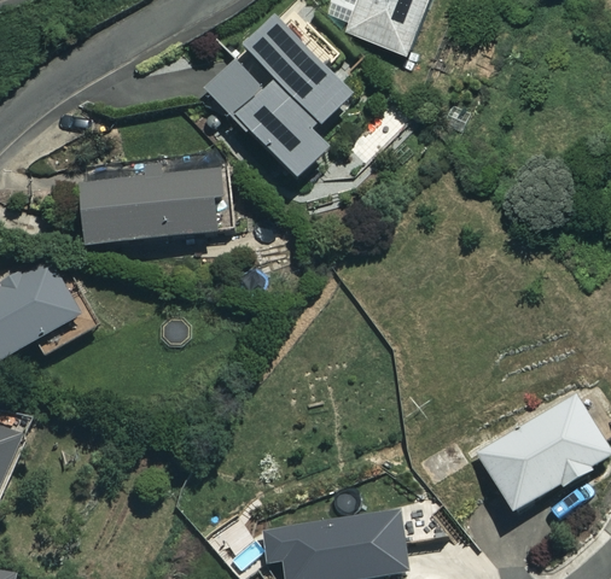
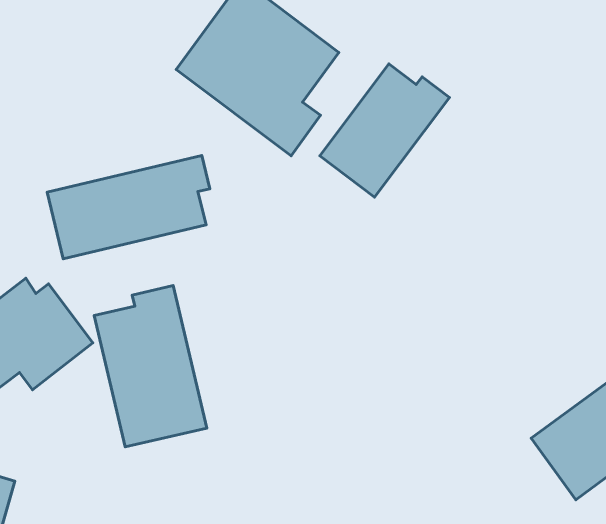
building: none -> [320,64,449,197]
building: none -> [94,286,207,447]

